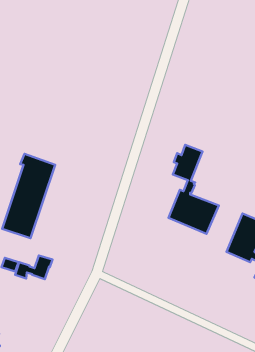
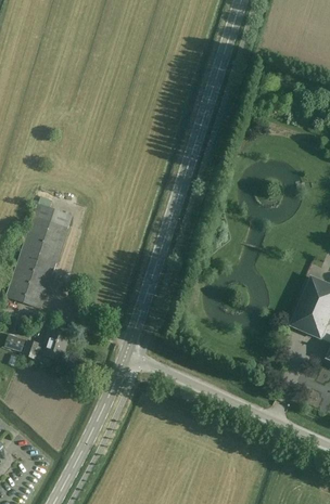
building: [168,145,219,234] -> none

